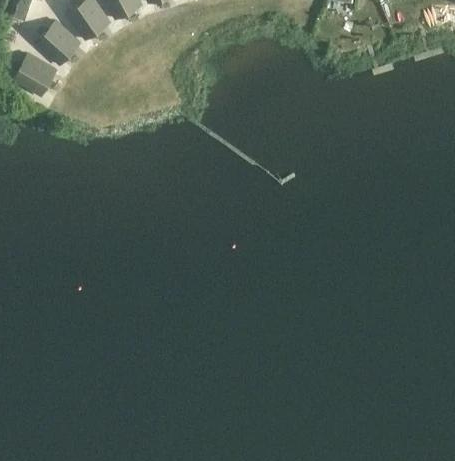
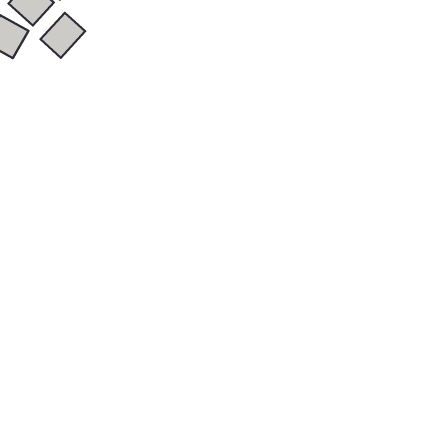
building: none -> [41,13,85,58]

